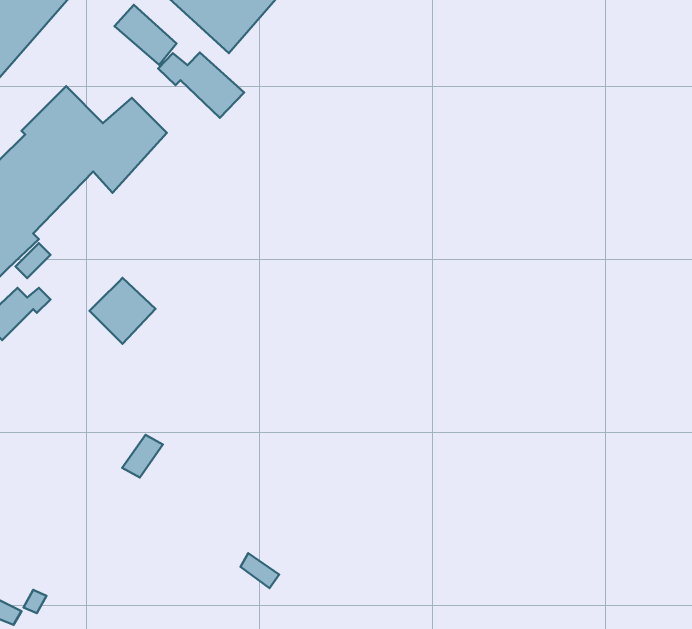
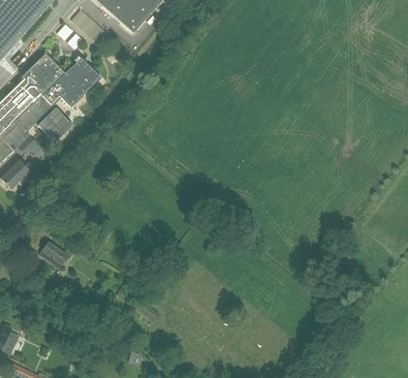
building: [158,52,244,118] -> none
building: [90,278,156,344] -> [38,107,73,143]
building: none -> [39,241,68,267]

